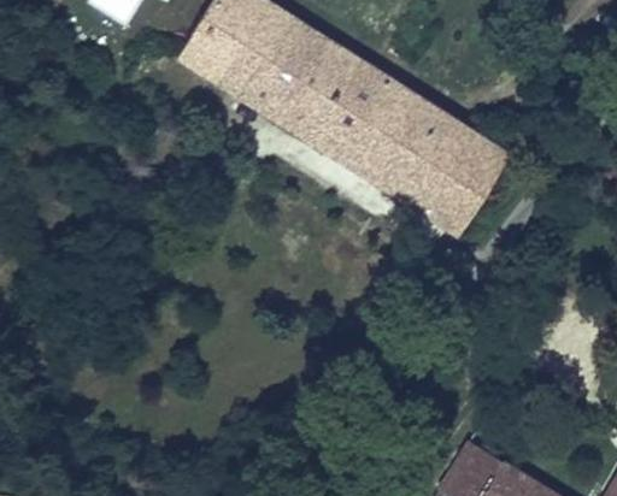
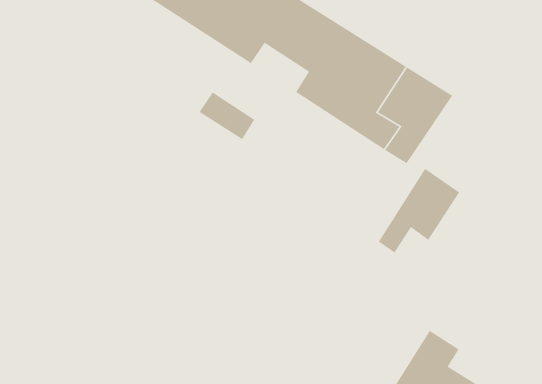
building: [284,101,348,155] -> [198,92,255,140]
building: none -> [378,168,460,254]

